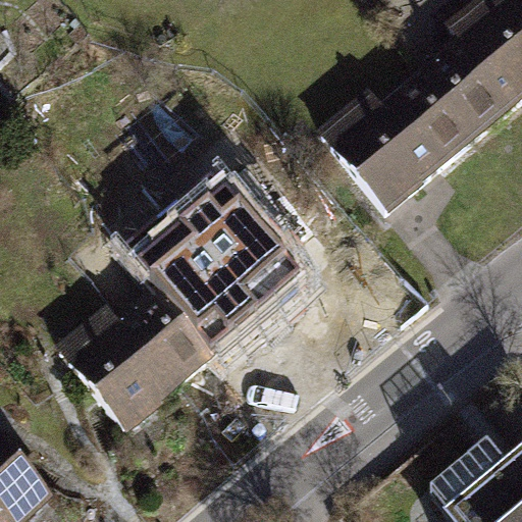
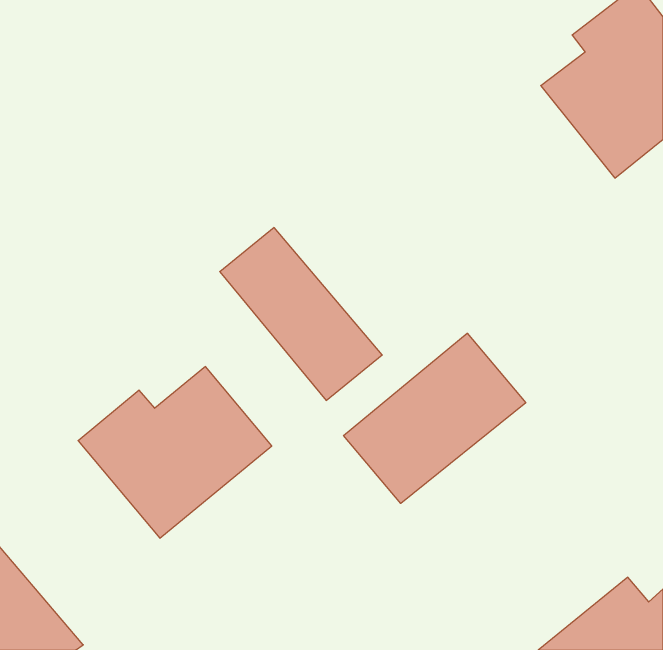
building: [319,67,482,212] -> none
building: [129,213,256,350] -> none
building: none -> [344,333,526,503]

